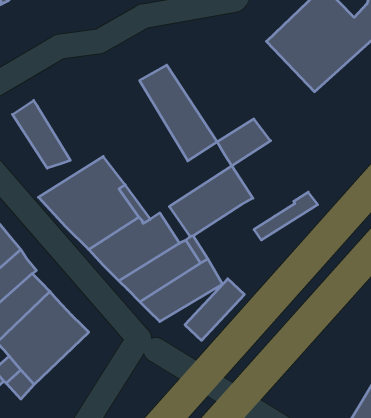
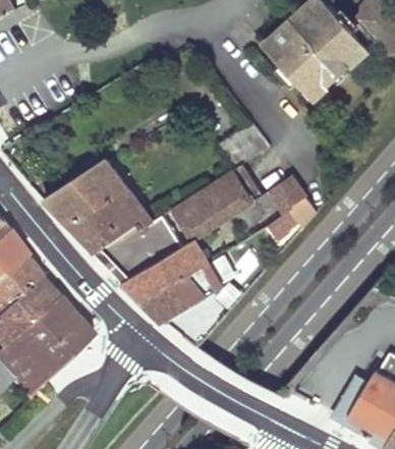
building: [140,65,217,161] -> none
building: [12,100,70,168] -> none
building: none -> [241,176,306,223]

